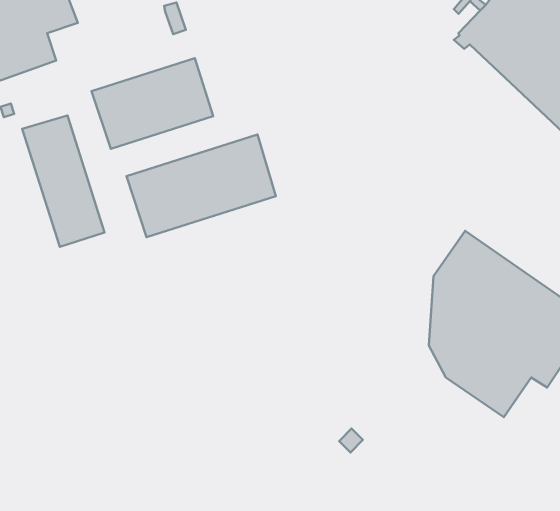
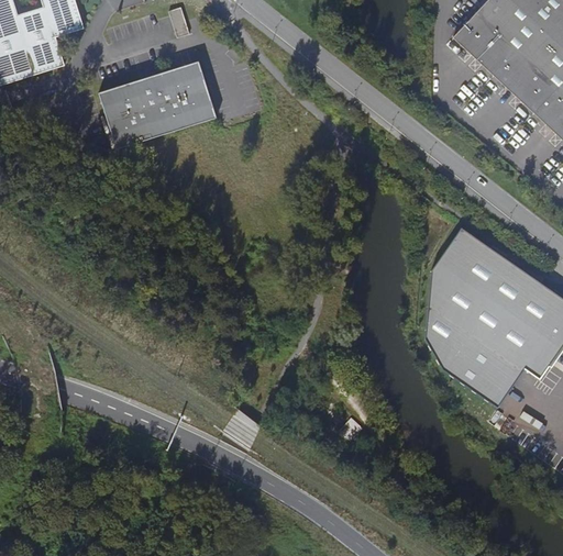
building: [22,115,104,247] -> none
building: [127,134,276,237] -> none

